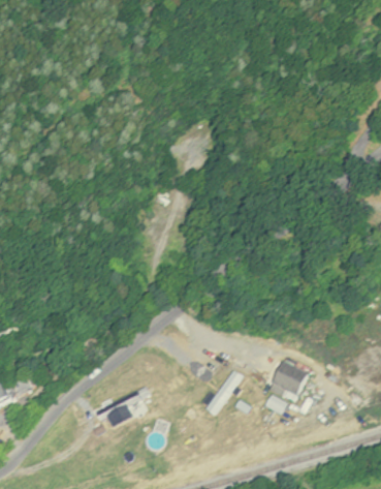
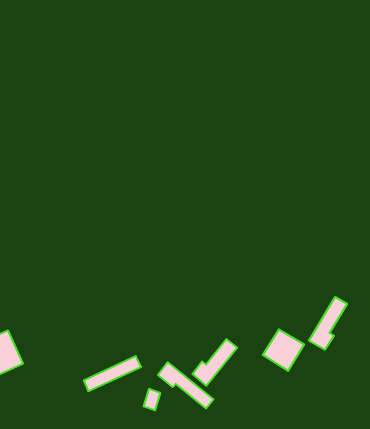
building: none -> [309,297,347,350]
building: none -> [158,362,214,408]

